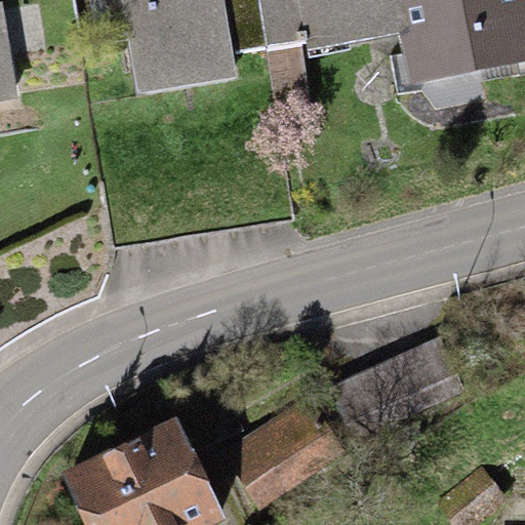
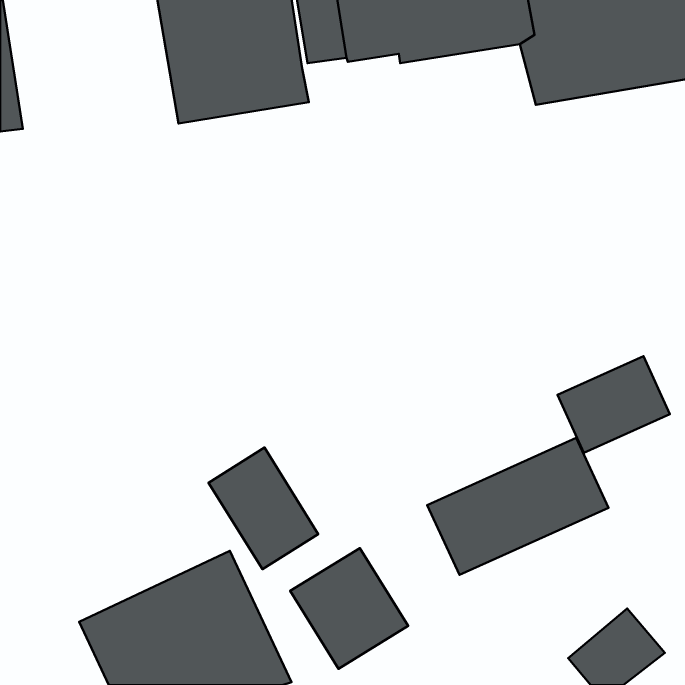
building: none -> [558,356,670,453]
building: none -> [209,448,318,569]

